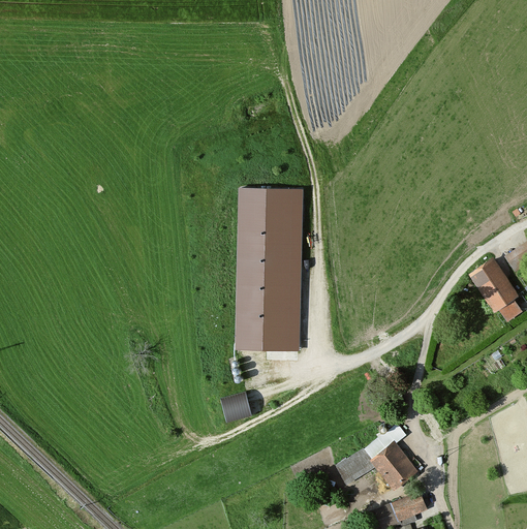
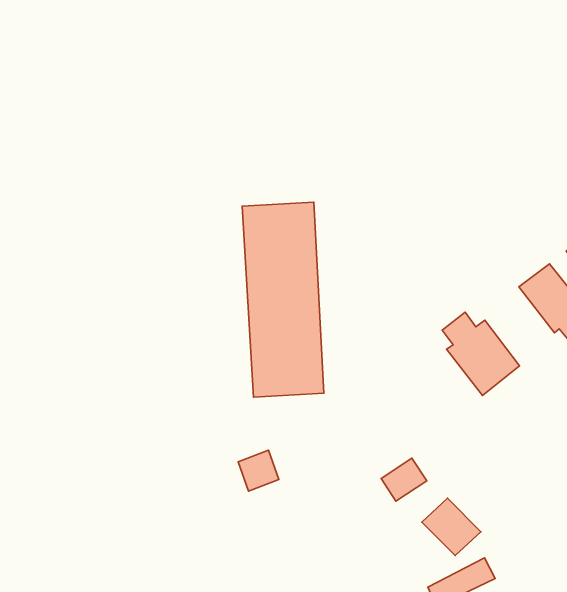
building: none -> [442,312,519,395]
building: [334,450,371,485] -> [381,458,427,501]

